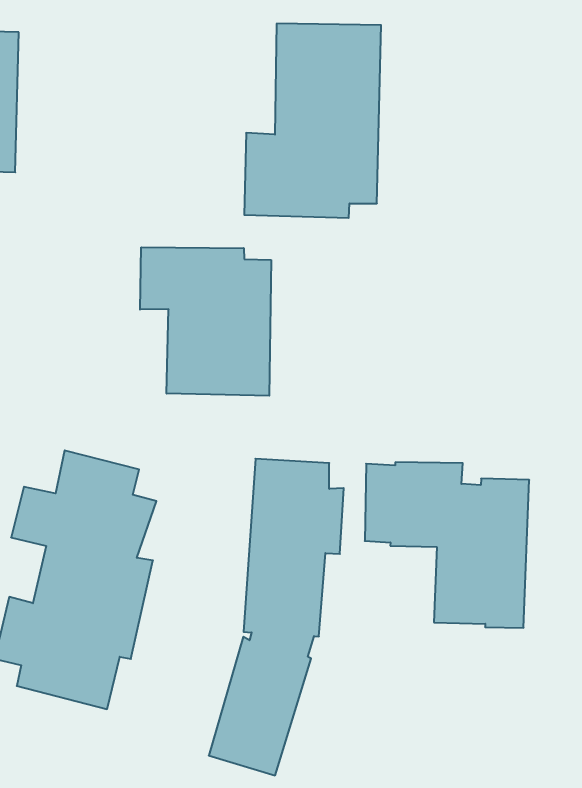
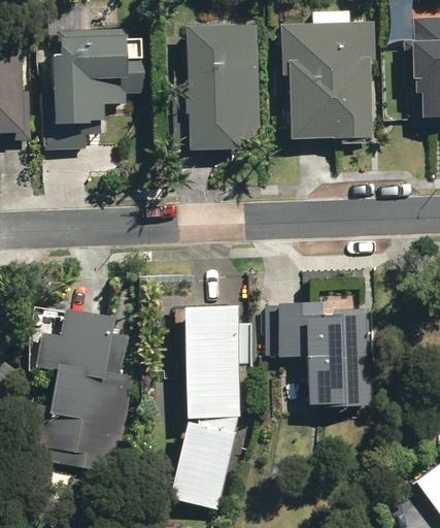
building: none -> [42,28,142,150]
building: none -> [282,22,374,138]
building: [140,247,271,396] -> none

